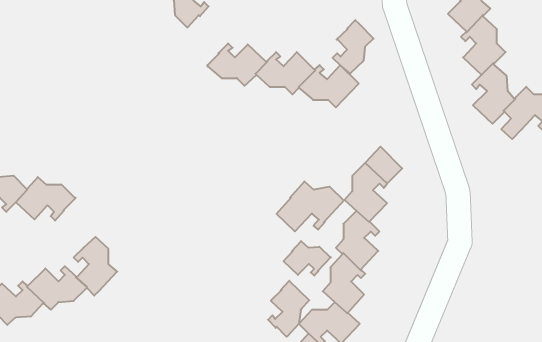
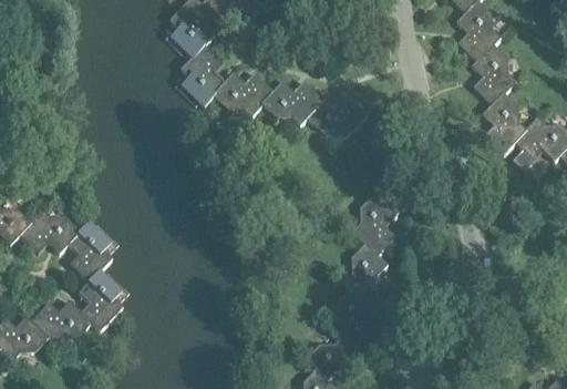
building: none -> [182,44,226,106]
building: [333,20,374,74] -> none
building: [277,181,345,231] -> none
building: none -> [68,221,112,281]
building: [284,241,331,276] -> none
building: [268,281,309,337] -> none

